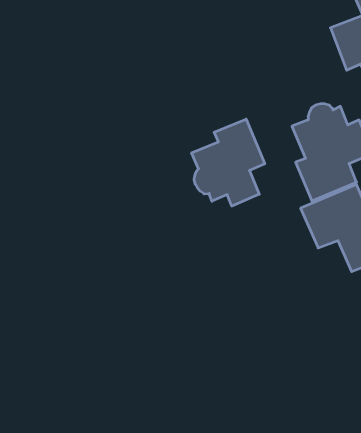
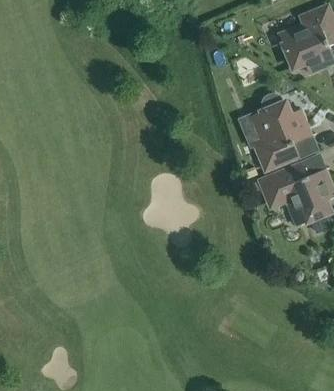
building: [192,119,265,206] -> none

